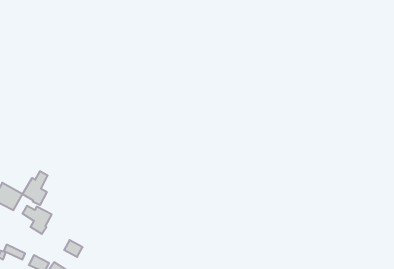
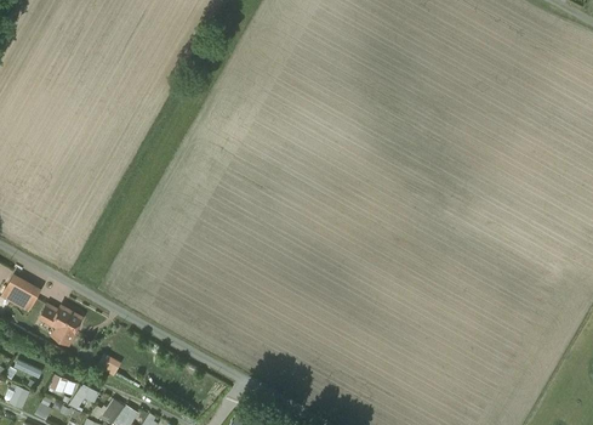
building: [23,171,48,205] -> none

